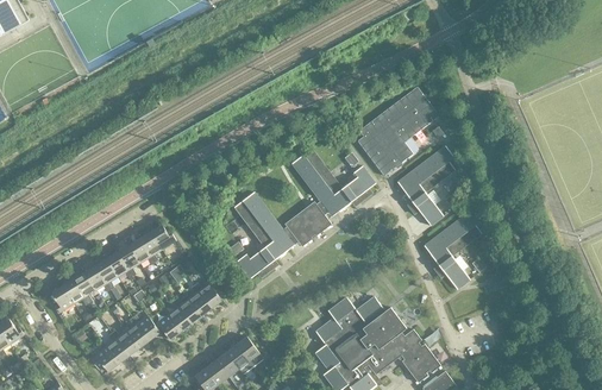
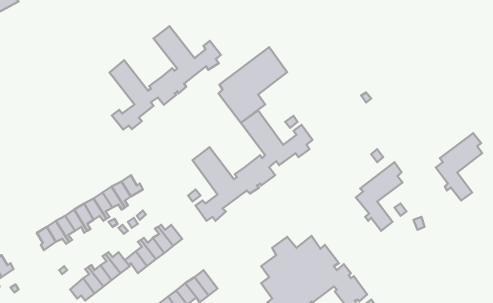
building: none -> [109,26,221,129]
building: [358,87,439,176] -> [219,47,287,123]
building: [400,146,454,226] -> [436,133,482,201]

